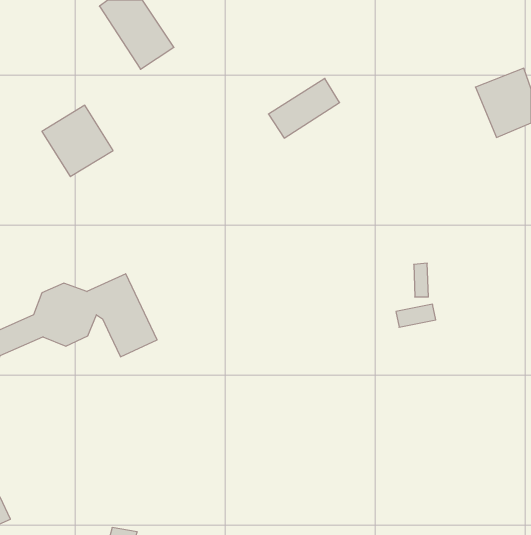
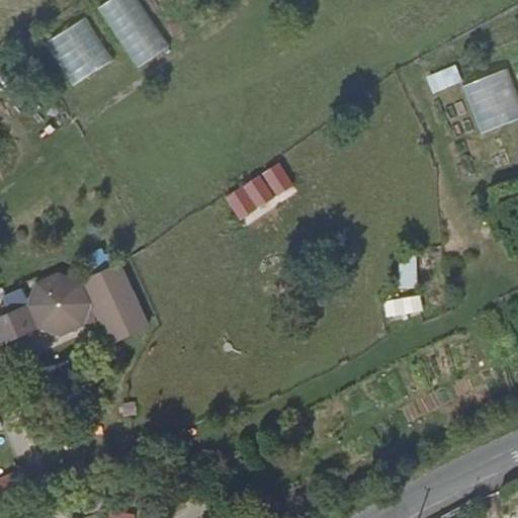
building: [268,78,340,138] -> [224,162,292,220]
building: [42,105,113,177] -> [44,16,112,85]

